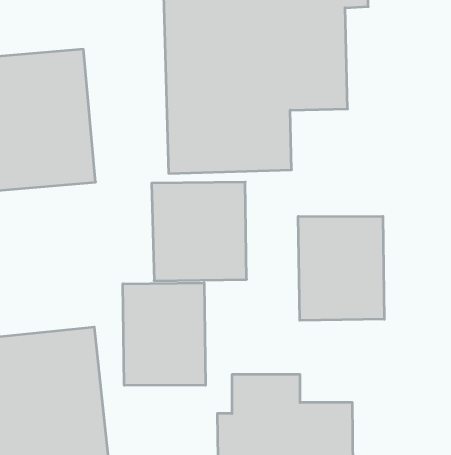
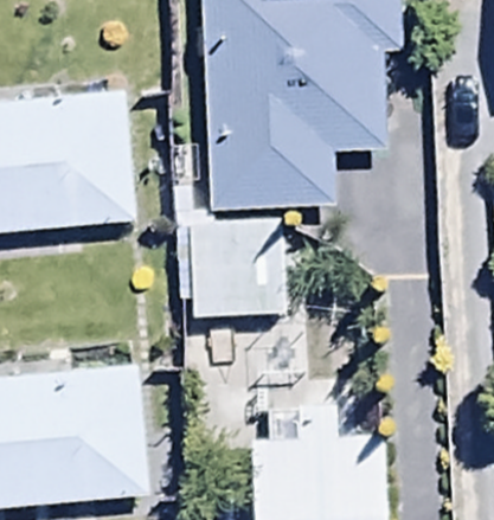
building: [298,216,384,320] -> none
building: [123,283,205,385] -> none

